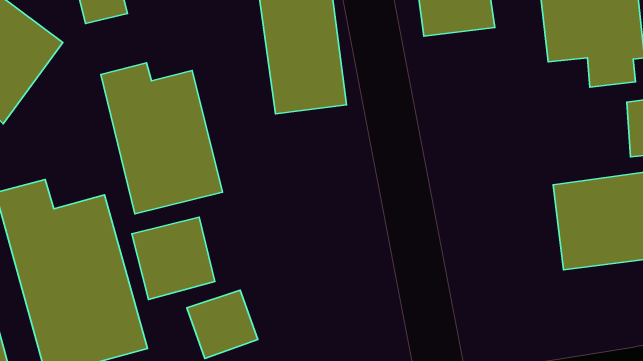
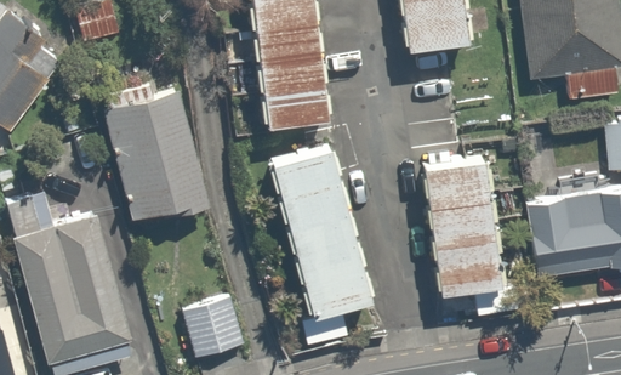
building: none -> [268,141,375,318]
building: none -> [426,158,512,319]
building: [132,217,215,299] -> none

